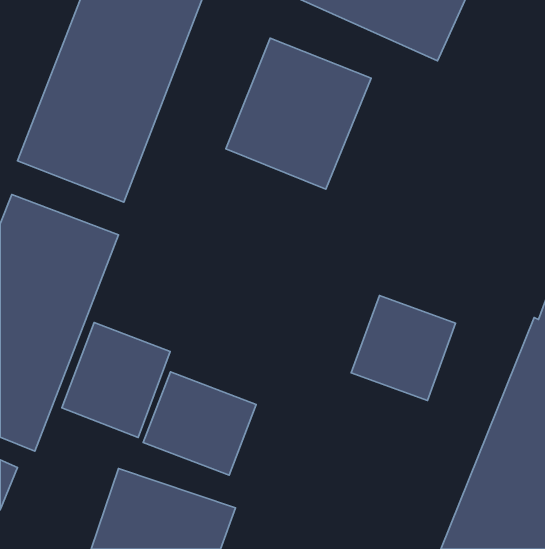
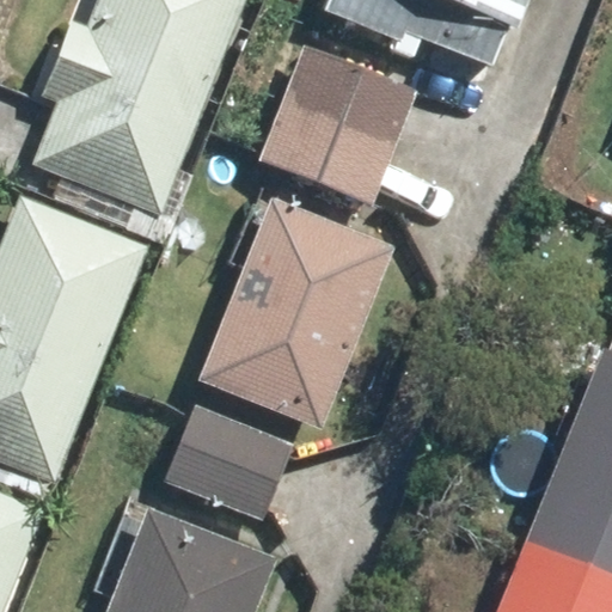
building: none -> [200,202,388,424]
building: [351,296,455,400] -> none
building: [62,323,170,437] -> none

